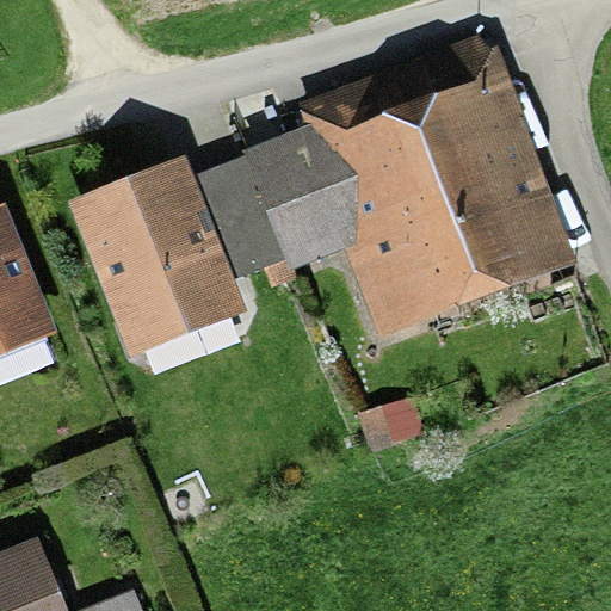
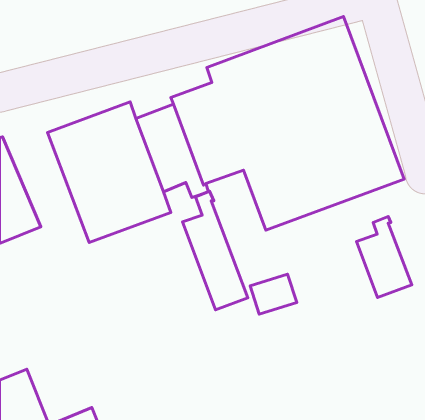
building: none -> [182,191,248,310]
building: none -> [356,217,412,298]

